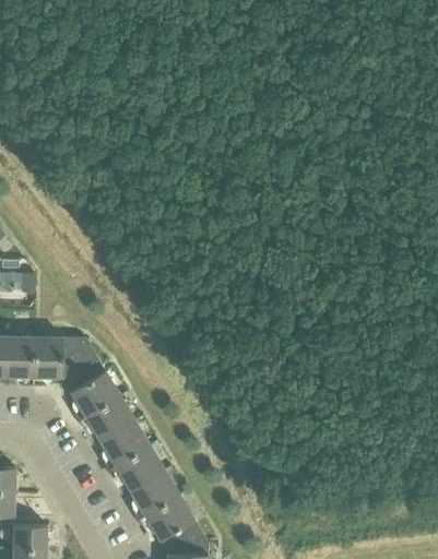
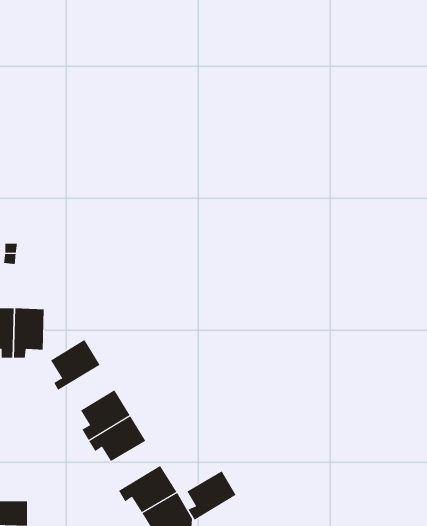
building: [62,337,103,388] -> none
building: [76,392,132,437] -> none
building: [128,466,177,515] -> [186,470,237,521]

